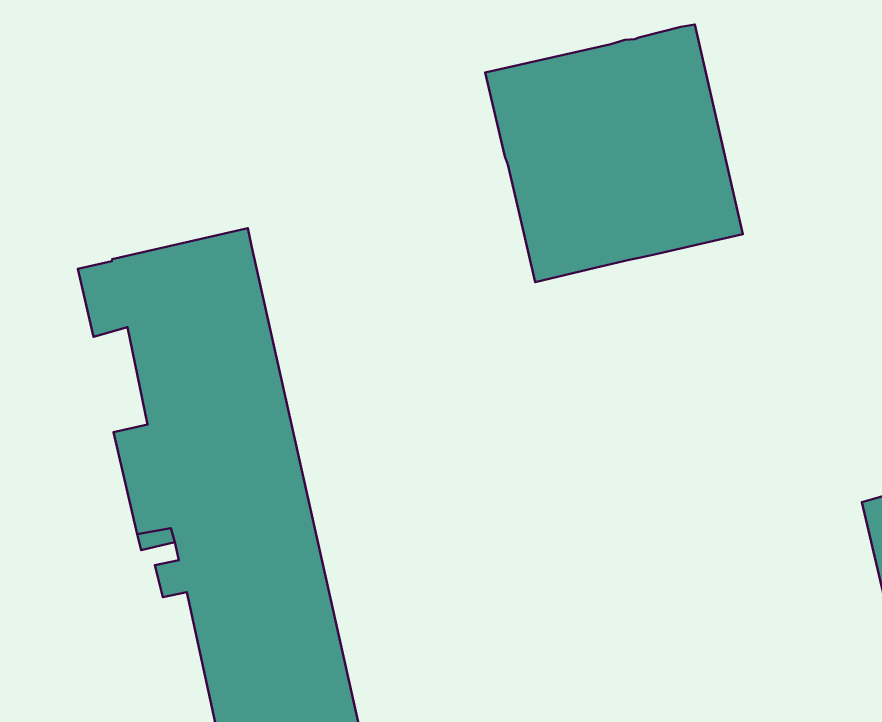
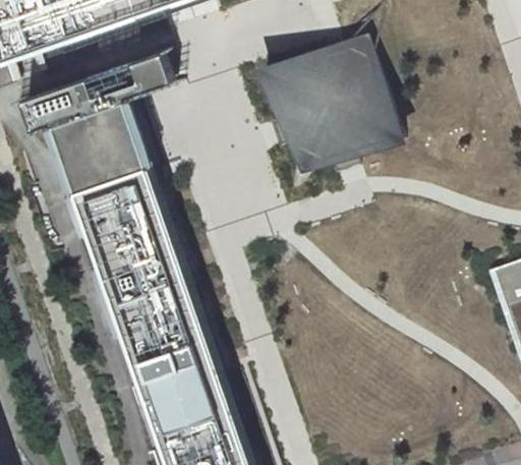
building: none -> [20,54,170,189]

